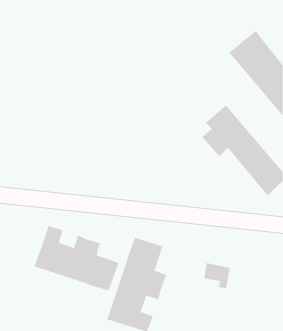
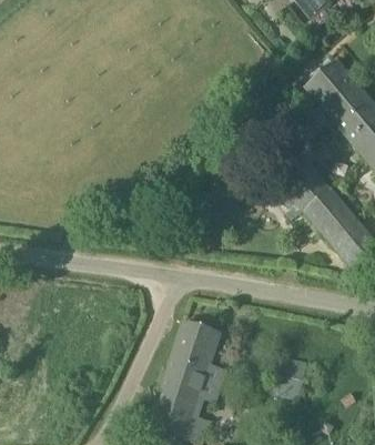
building: [34,225,119,291] -> none

